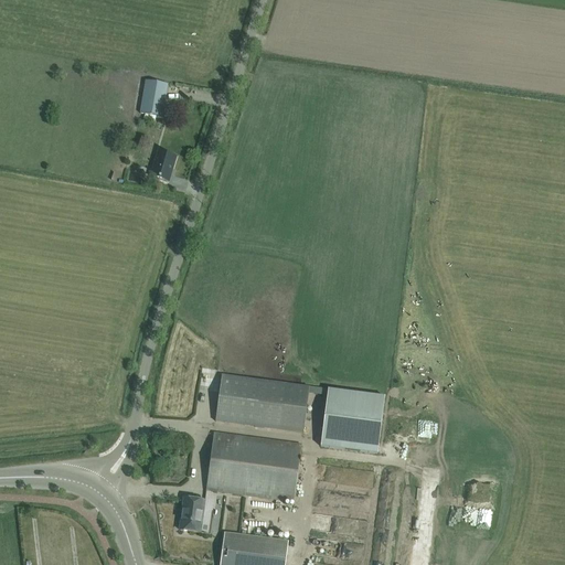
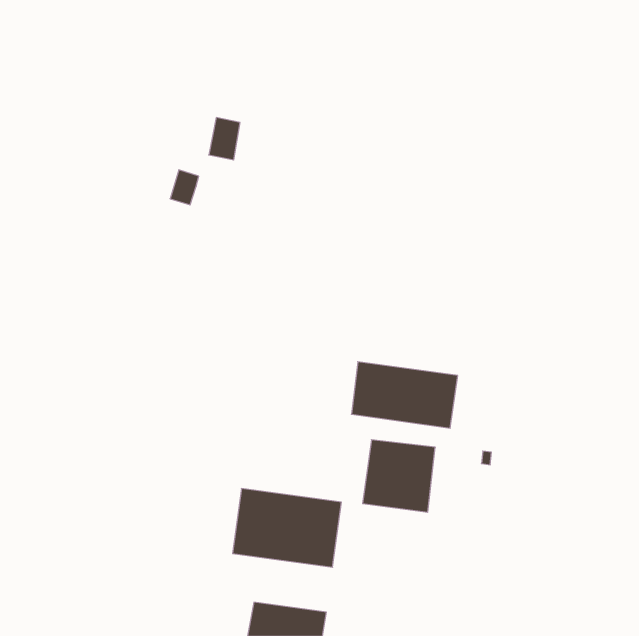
building: [138,77,166,115] -> [209,118,240,160]
building: [215,373,309,431] -> [351,362,458,428]
building: [179,497,204,532] -> none

